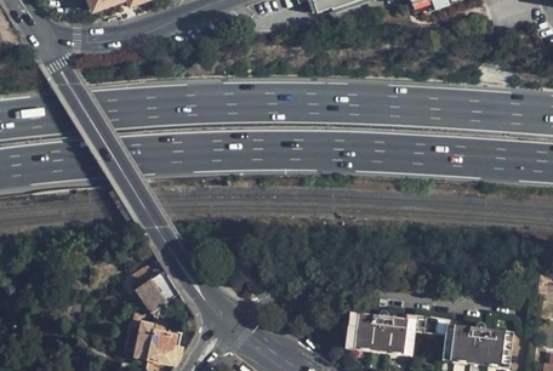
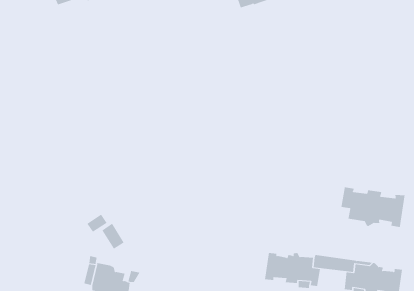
building: none -> [341,186,405,228]
building: [131,282,163,318] -> none

